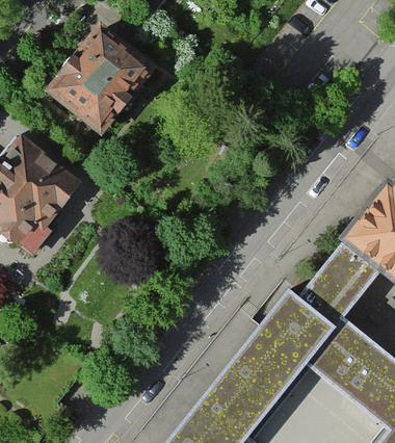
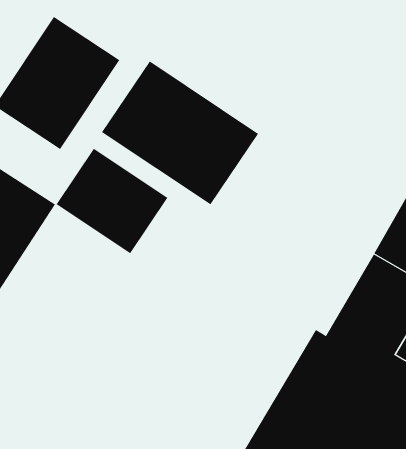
building: none -> [101,61,259,205]
building: none -> [56,148,168,254]

